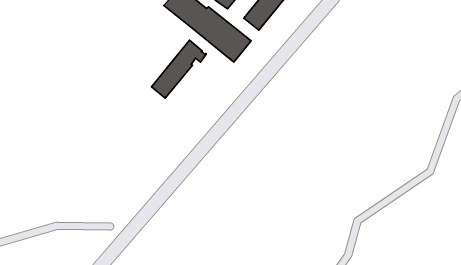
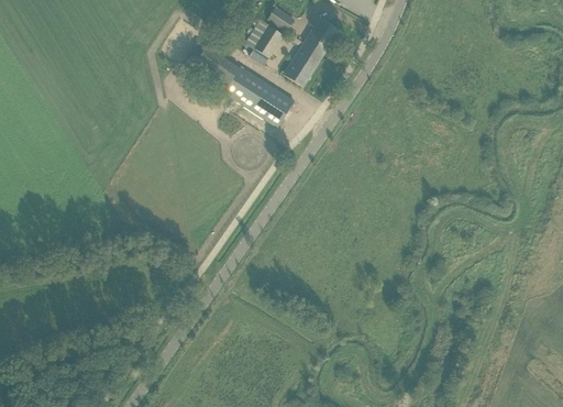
building: [151,40,206,98] -> none

